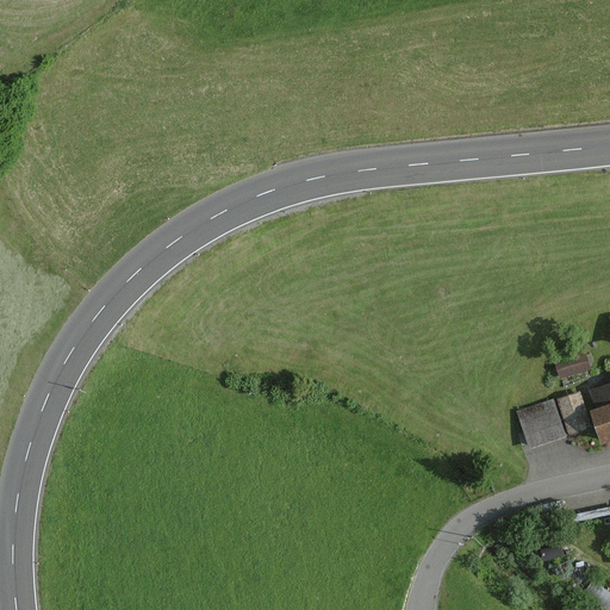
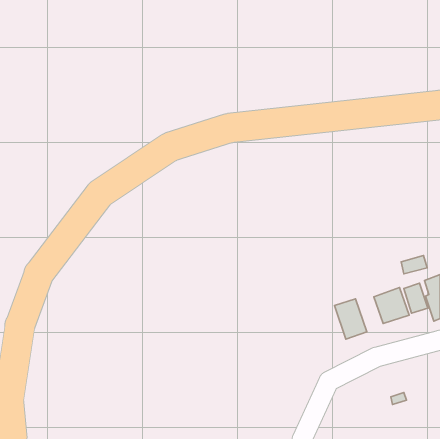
building: none -> [334,299,367,339]

